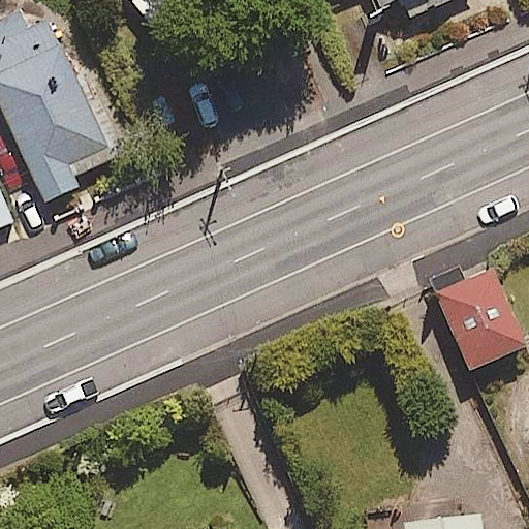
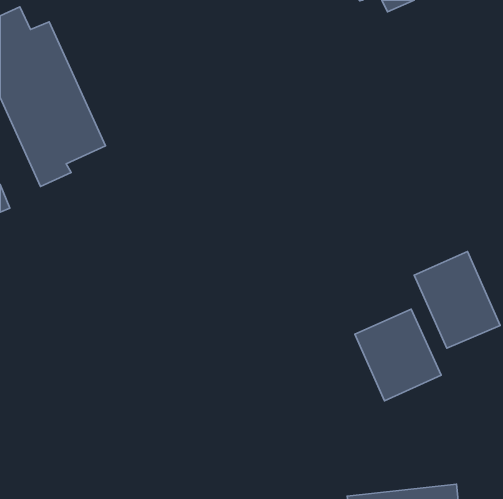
building: none -> [355,309,441,401]

